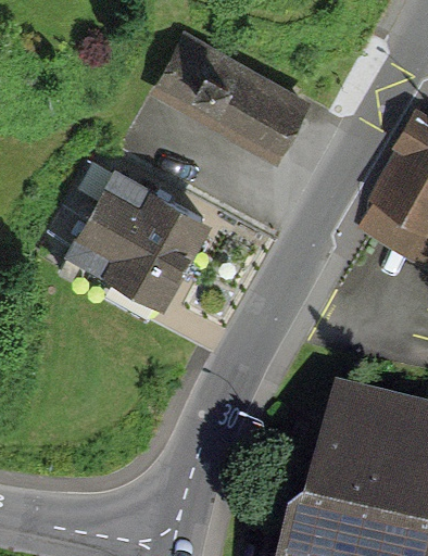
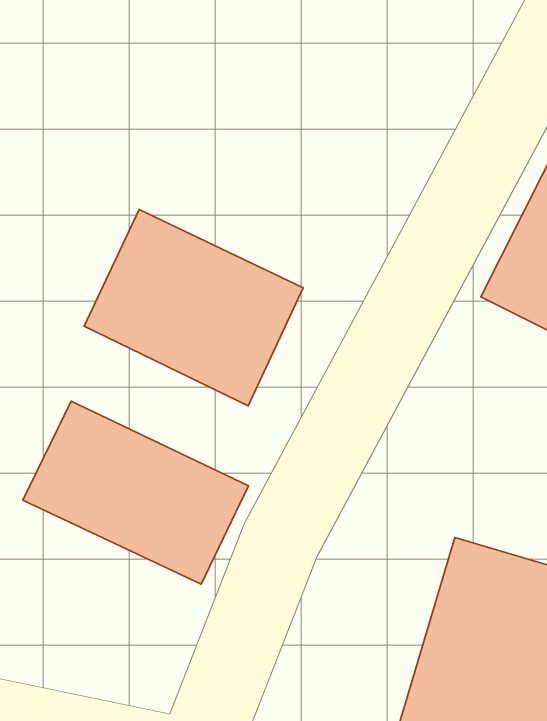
building: [159,36,313,157] -> none
building: none -> [23,401,248,584]

